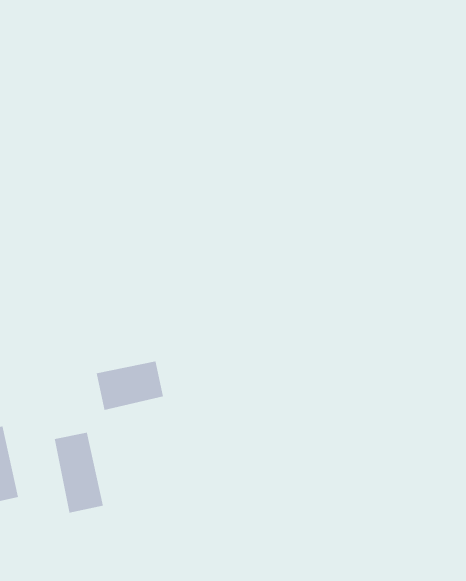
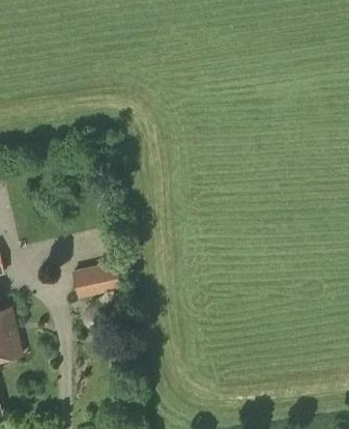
building: [54,432,103,514] -> none

